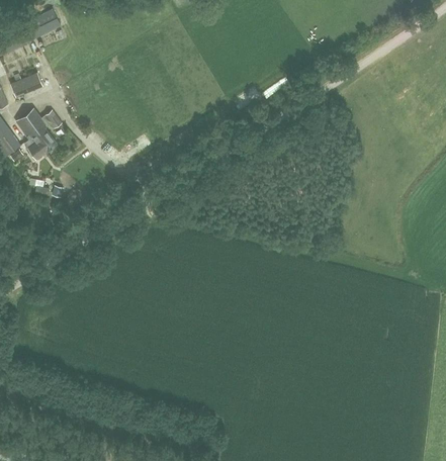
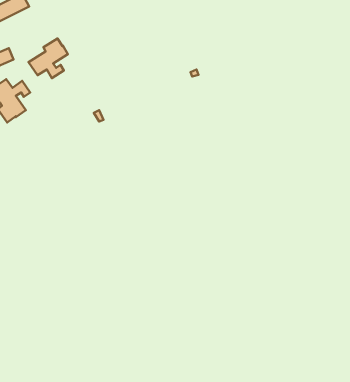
building: none -> [29,39,68,78]

